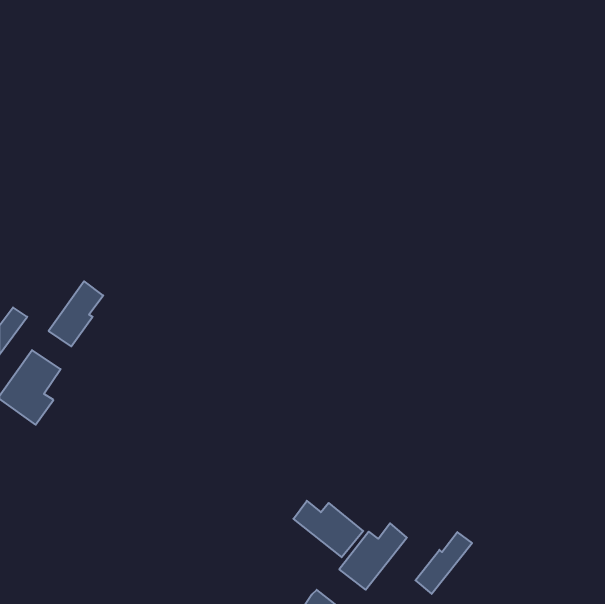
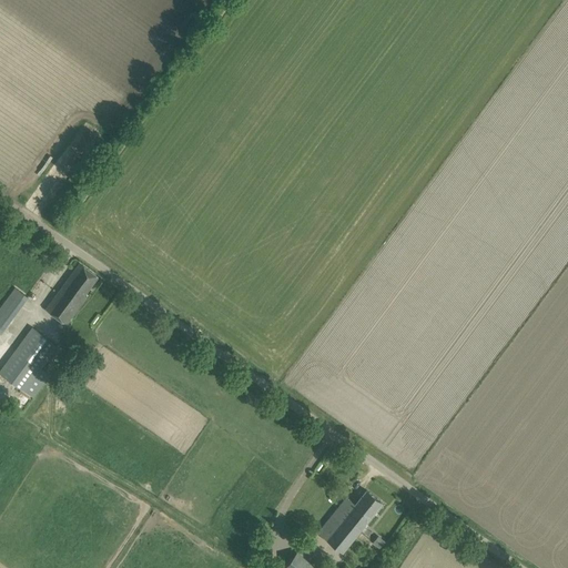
building: [293,501,363,557] -> none
building: [415,532,472,594] -> none

